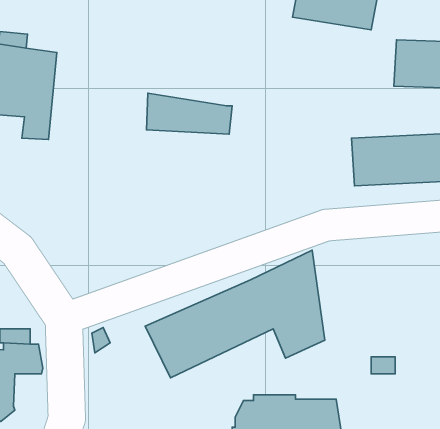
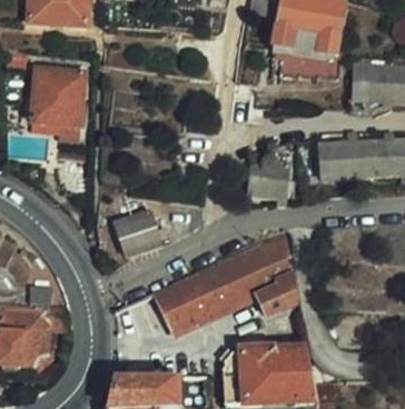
building: [146,93,232,134] -> [270,46,338,78]
building: none -> [245,158,287,202]
building: none -> [113,209,160,257]

